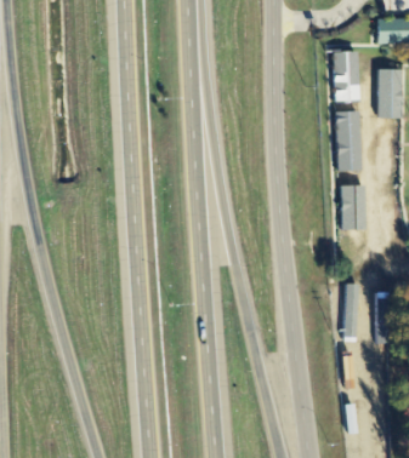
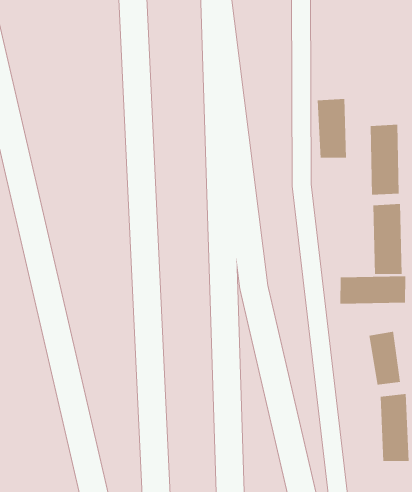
building: [333,48,358,99] -> [317,99,347,158]
building: none -> [340,276,406,304]

